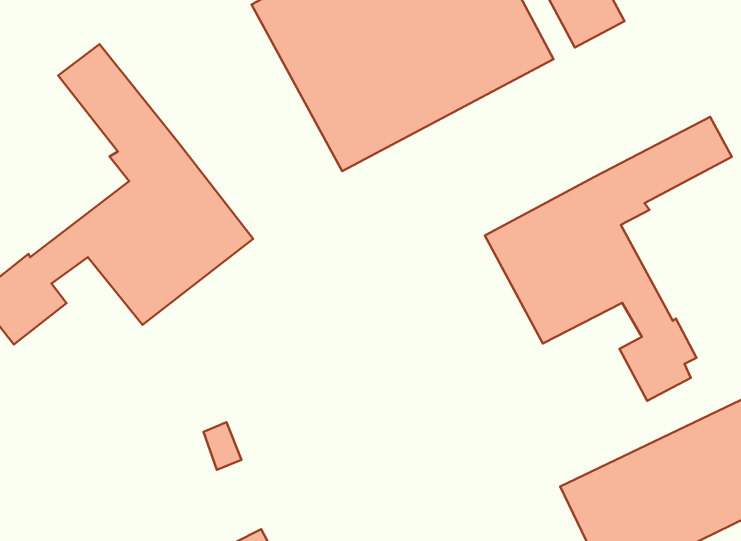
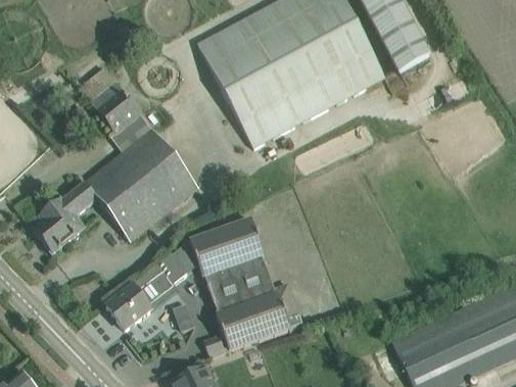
building: [485,117,732,401] -> none
building: none -> [106,216,302,356]

